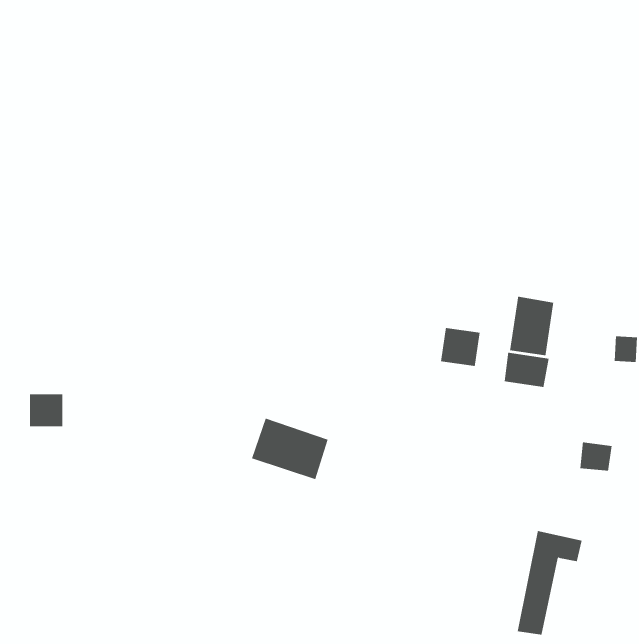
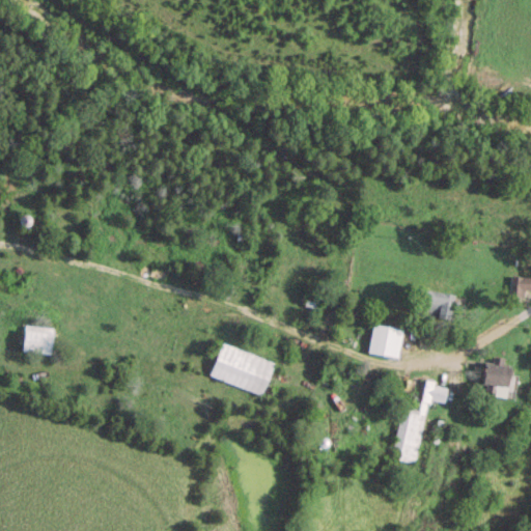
building: [509,296,554,356] -> none
building: [440,327,480,367] -> [369,326,402,358]
building: [517,530,583,635] -> [395,378,449,464]

